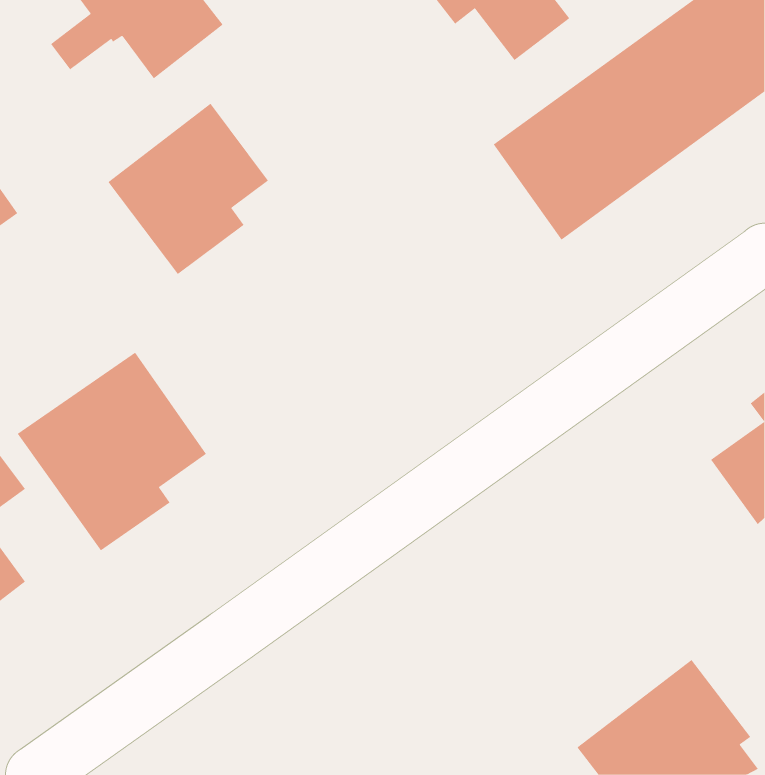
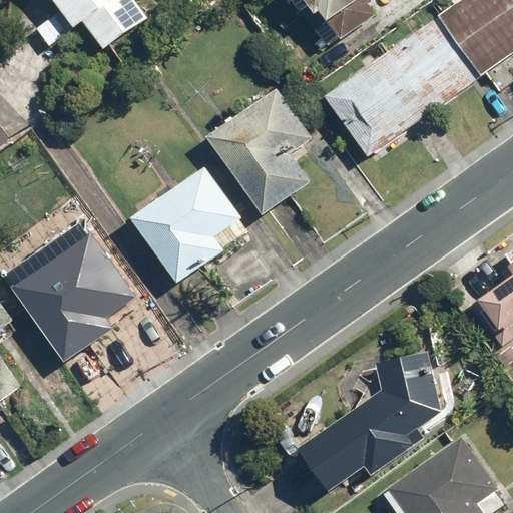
building: [108,103,269,275] -> [130,167,236,281]
building: none -> [205,88,312,215]
building: none -> [298,350,450,489]

